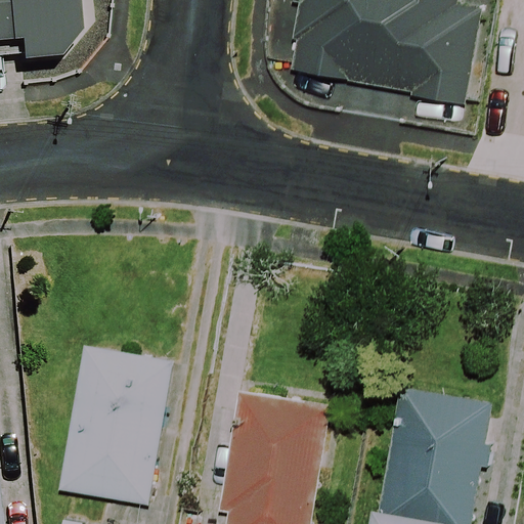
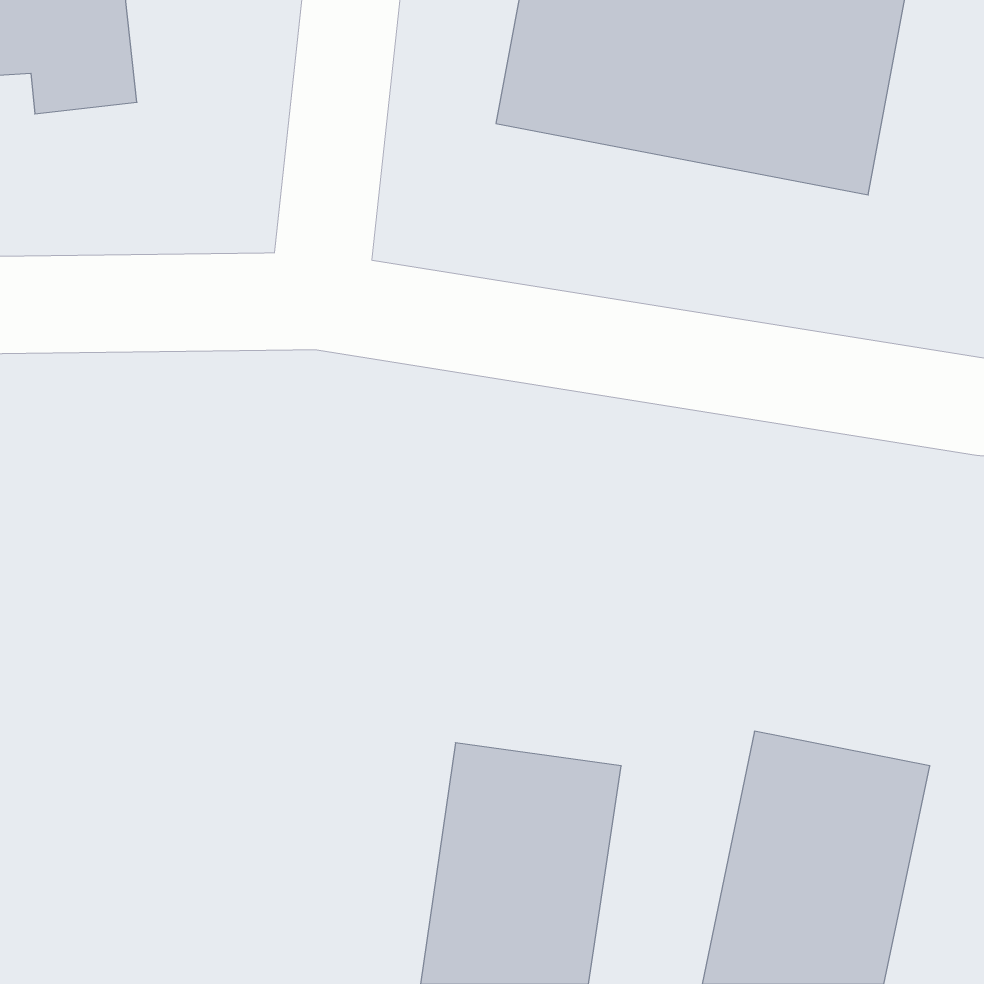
building: [60,347,173,505] -> none

